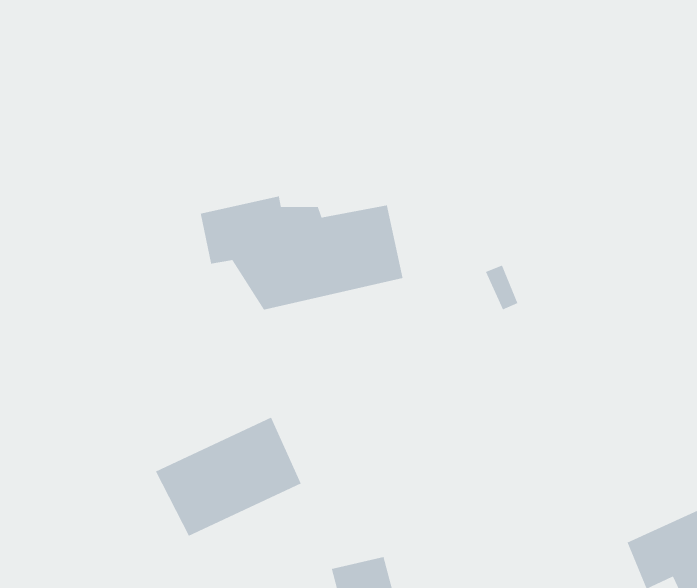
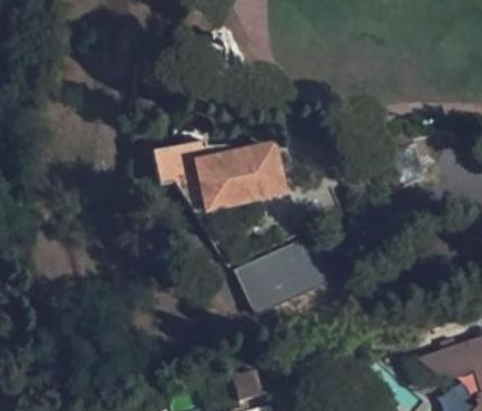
building: [155,417,302,537] -> [236,237,328,312]

